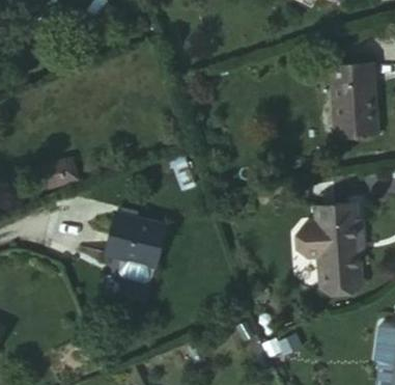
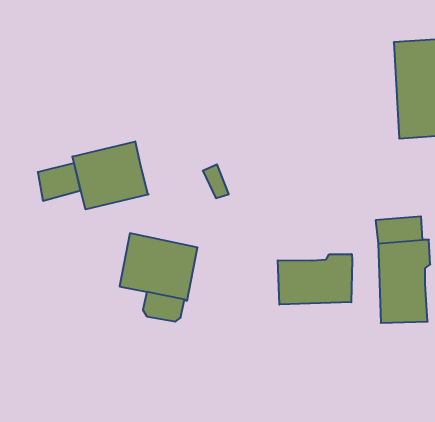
building: none -> [72,141,149,209]
building: none -> [278,254,352,305]

